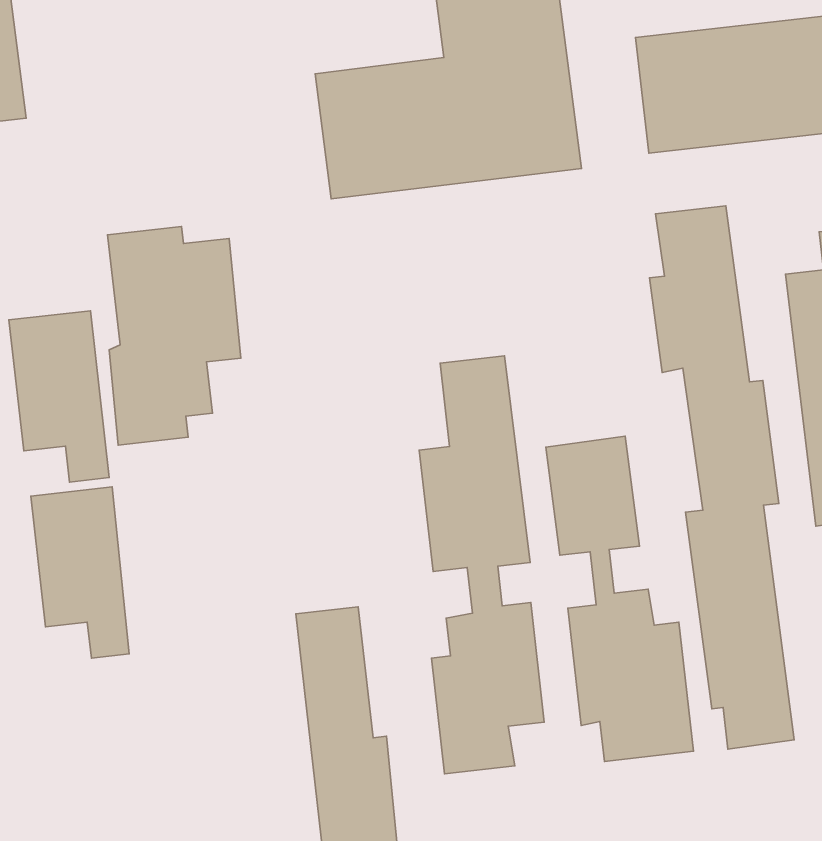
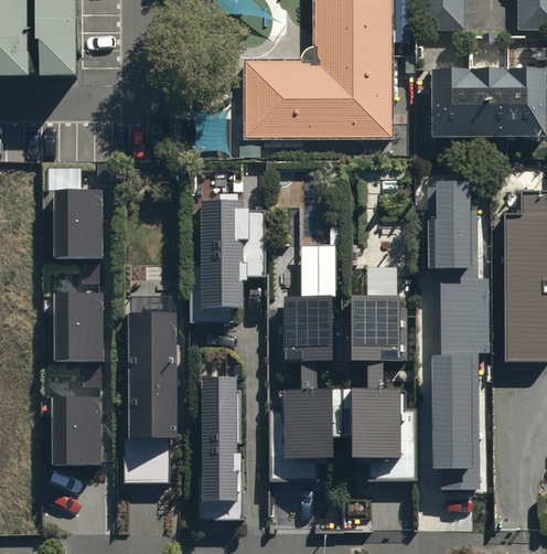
building: [108,226,241,445] -> [192,198,269,319]
building: none -> [125,318,178,486]
building: none -> [53,393,101,470]

